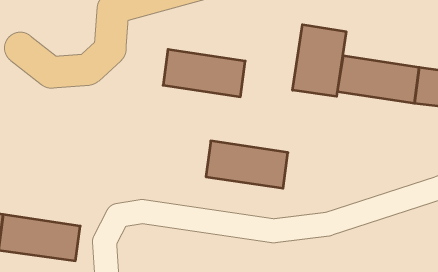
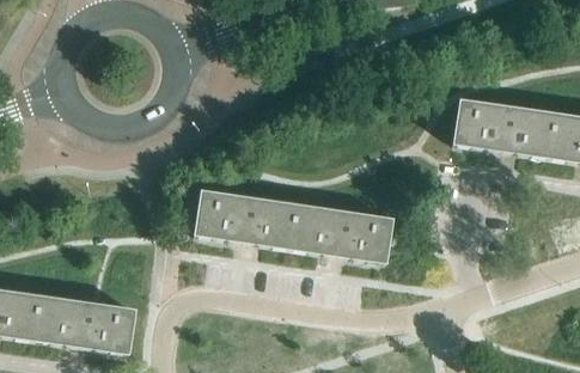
building: [293,25,346,96] -> none
building: [163,49,245,97] -> [195,190,297,249]

